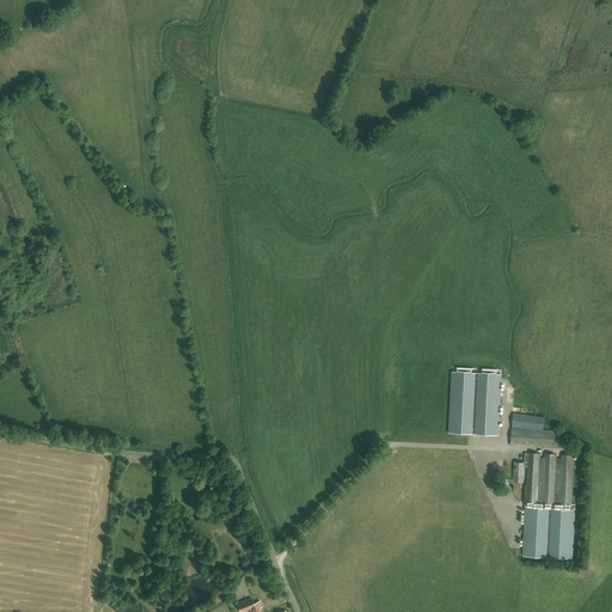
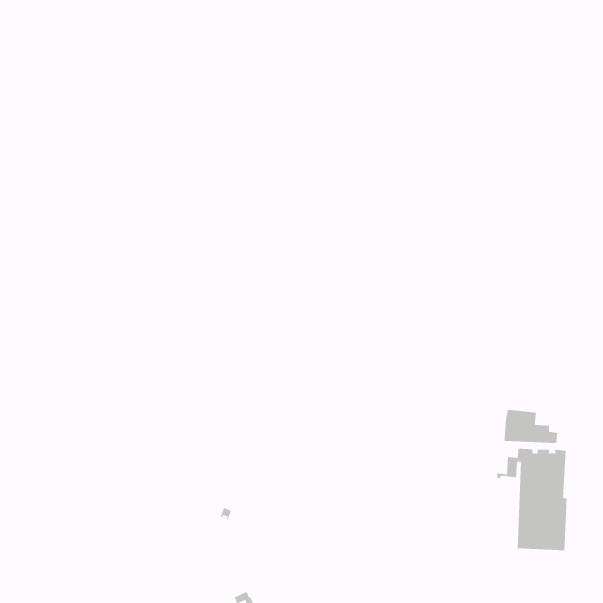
building: [448,368,500,435] -> none

